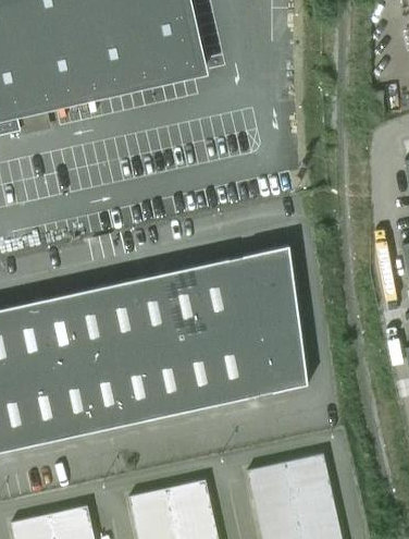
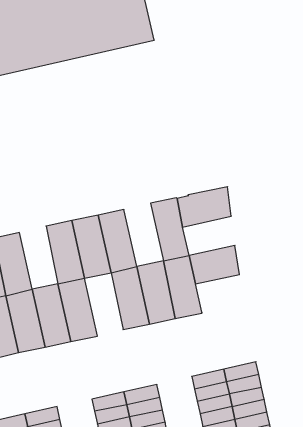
building: [166,266,213,341] -> none
building: [236,281,298,328] -> none
building: [42,293,88,368] -> none
building: [120,348,165,424] -> none
building: [251,351,308,395] -> none

